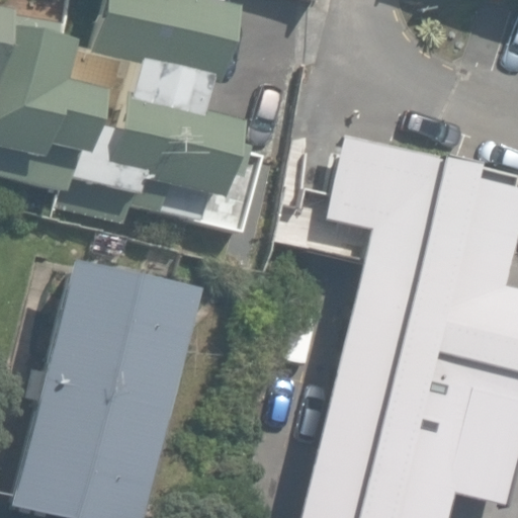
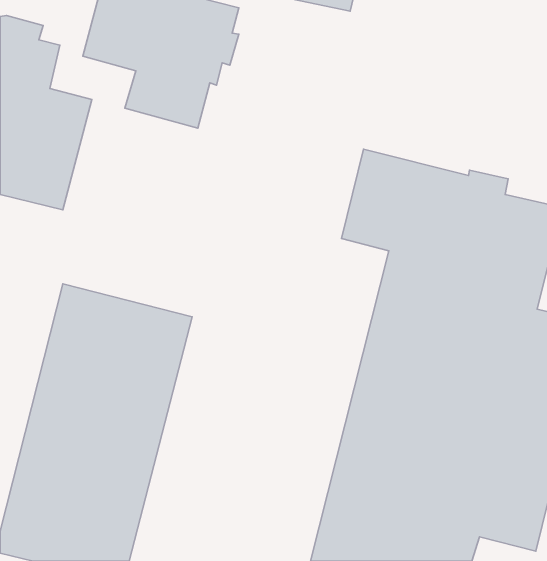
building: [72,92,267,231] -> none

